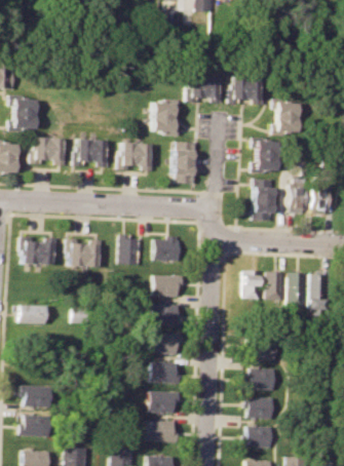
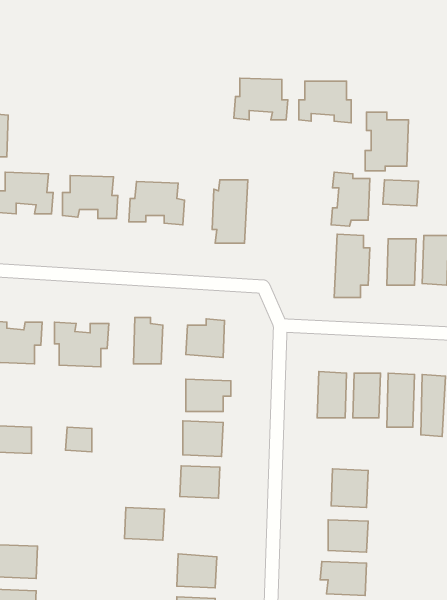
building: [152,99,181,135] -> none
building: none -> [383,180,418,206]
building: [150,361,177,383] -> [124,508,165,540]

